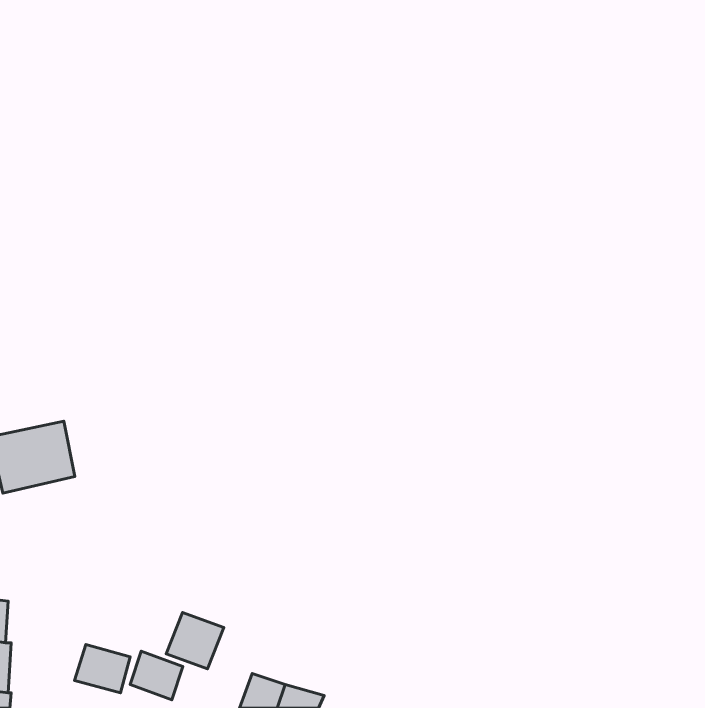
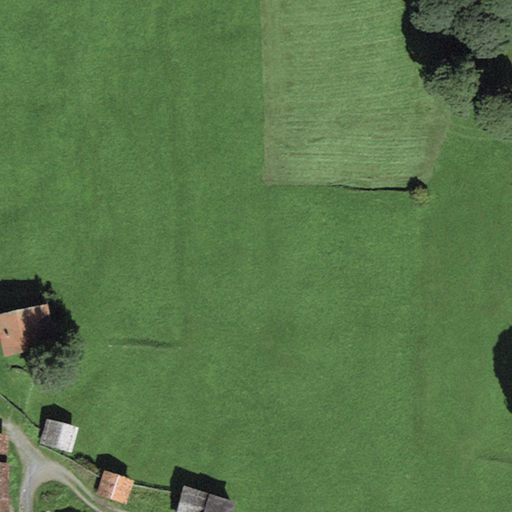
building: [166,612,224,669] -> none
building: [75,644,130,693] -> [36,418,76,453]

